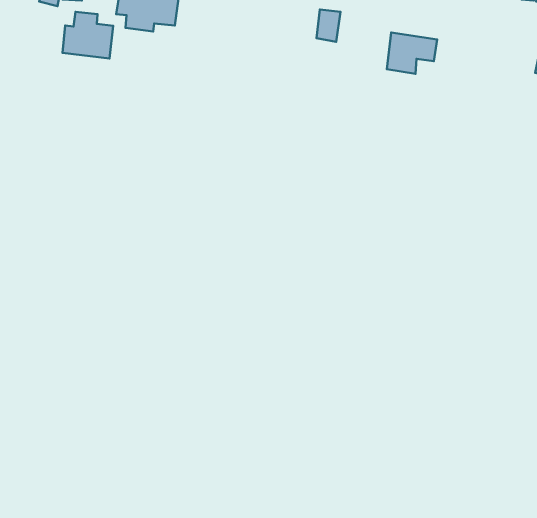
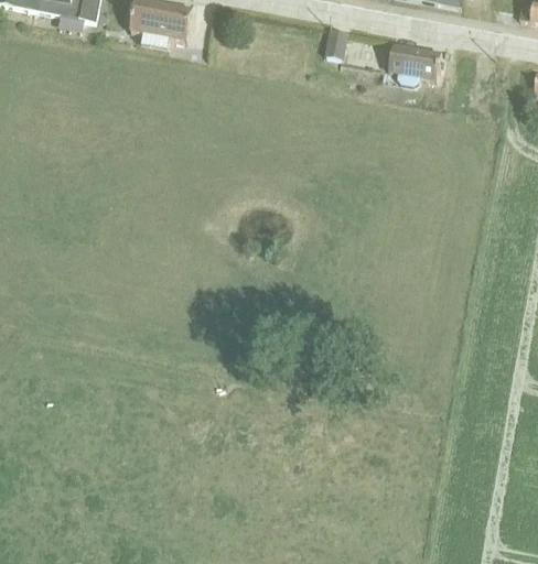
building: [62,12,113,58] -> none

